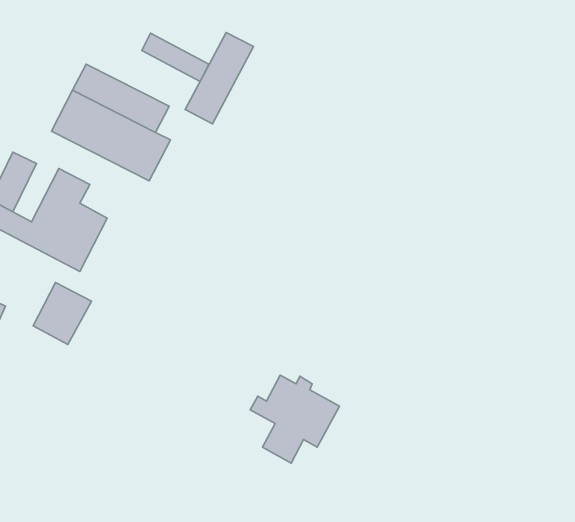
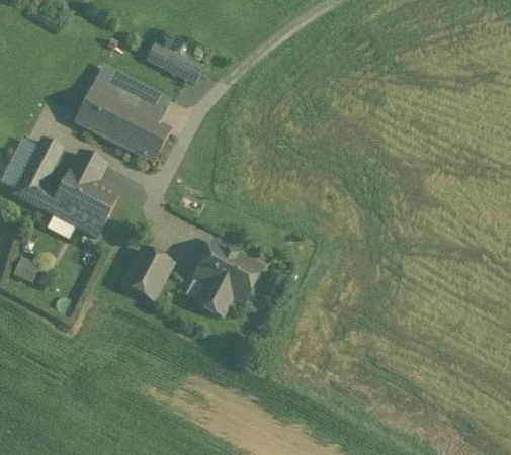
building: [185,32,253,124] -> none
building: [33,282,91,345] -> [123,248,171,298]
building: [250,375,340,463] -> [187,243,260,314]

